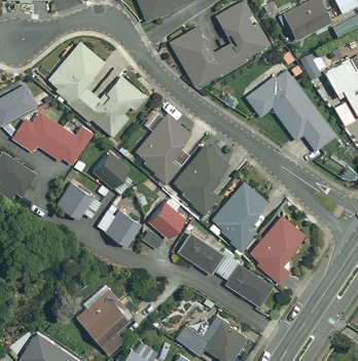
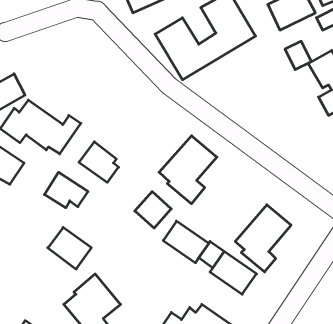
building: [47,42,146,137] -> none
building: [246,68,336,151] -> none
building: [136,115,190,182] -> none
building: [212,182,270,250] -> none
building: [97,205,141,247] -> [48,227,91,269]

